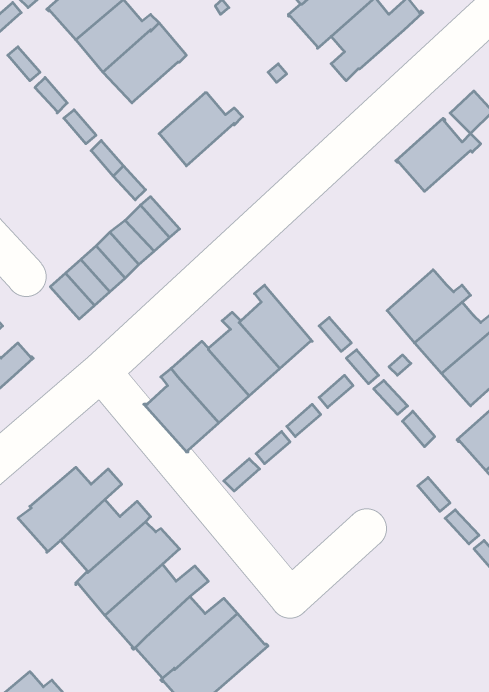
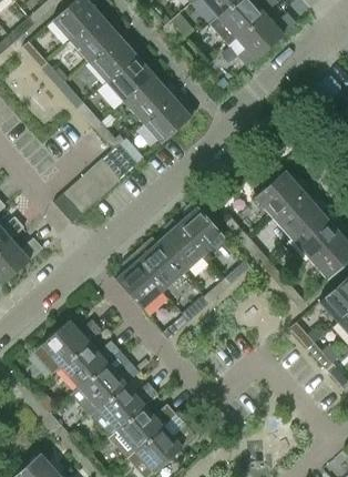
building: none -> [106,55,161,102]
building: none -> [142,91,196,144]
building: [396,118,481,191] -> [254,170,309,217]

